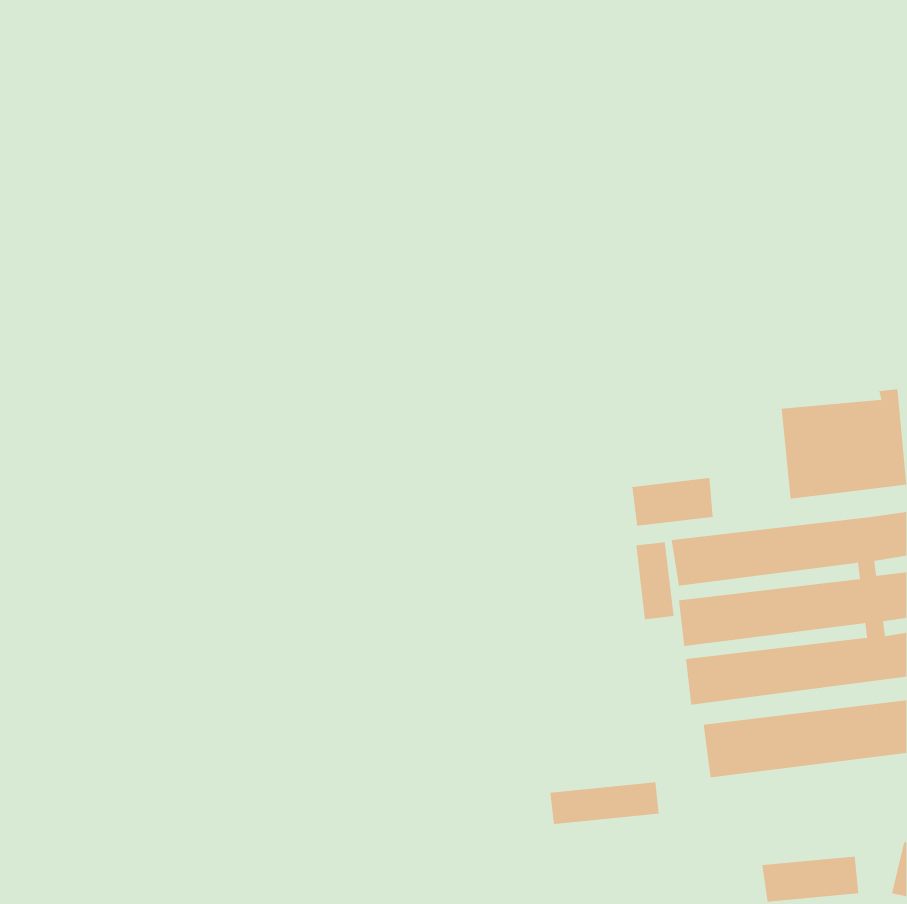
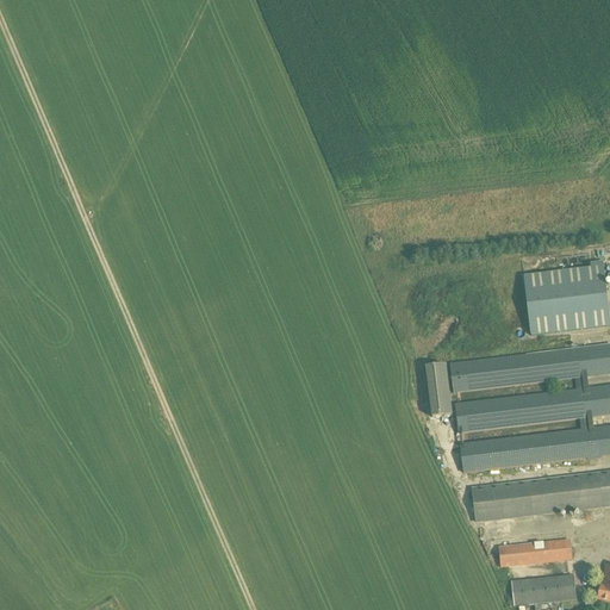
building: [632,477,713,527] -> none
building: [550,782,660,824] -> [499,539,573,567]

